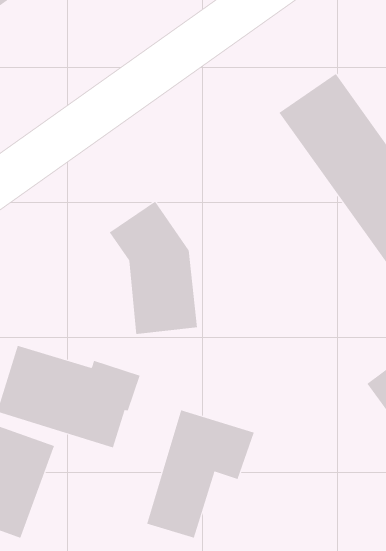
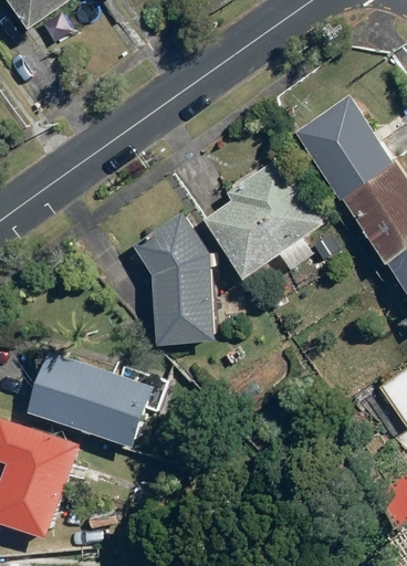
building: none -> [205,153,326,280]
building: [146,409,254,538] -> none

